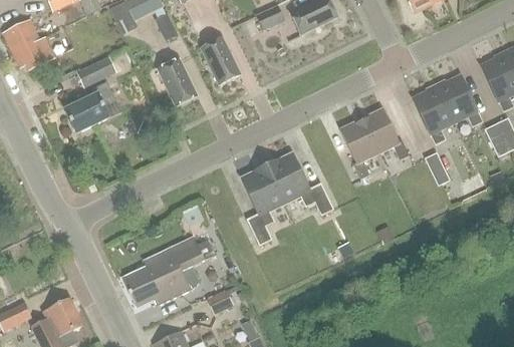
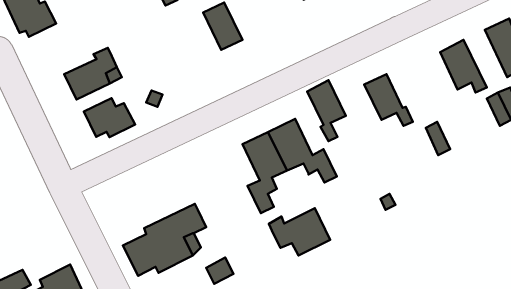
building: [74,54,115,86] -> none
building: [159,57,197,104] -> none
building: [413,85,454,143] -> none
building: [340,117,378,178] -> [307,80,346,141]
building: none -> [84,98,135,137]
building: none -> [269,208,330,255]

